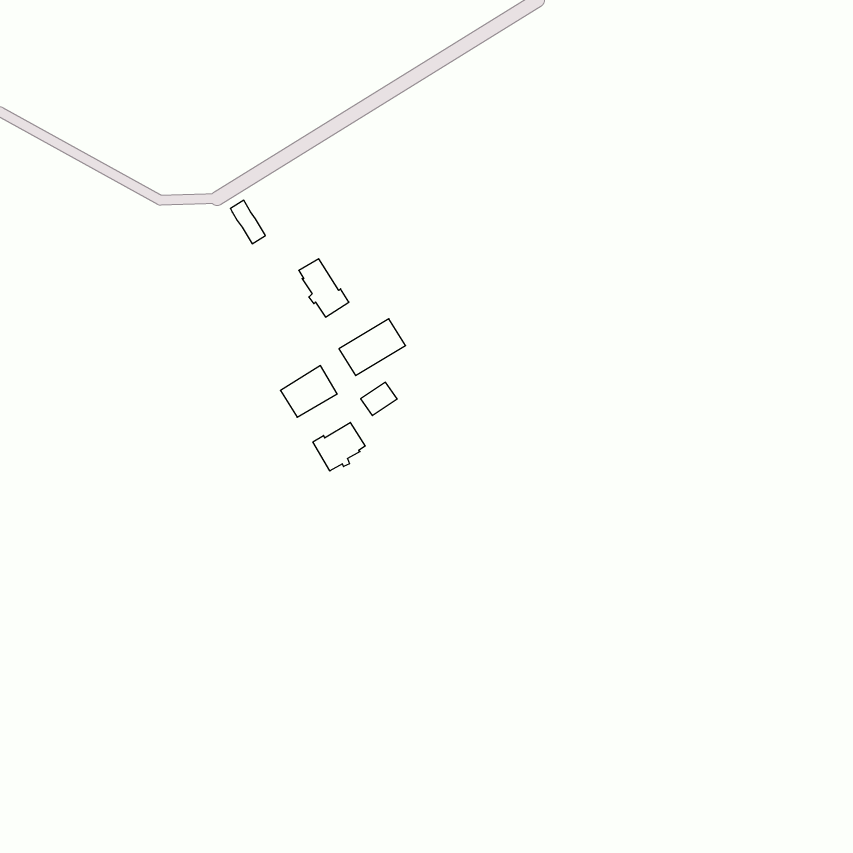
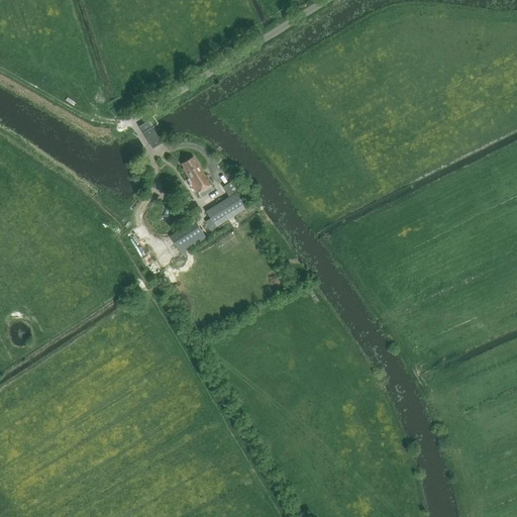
building: [313,422,365,471] -> none

